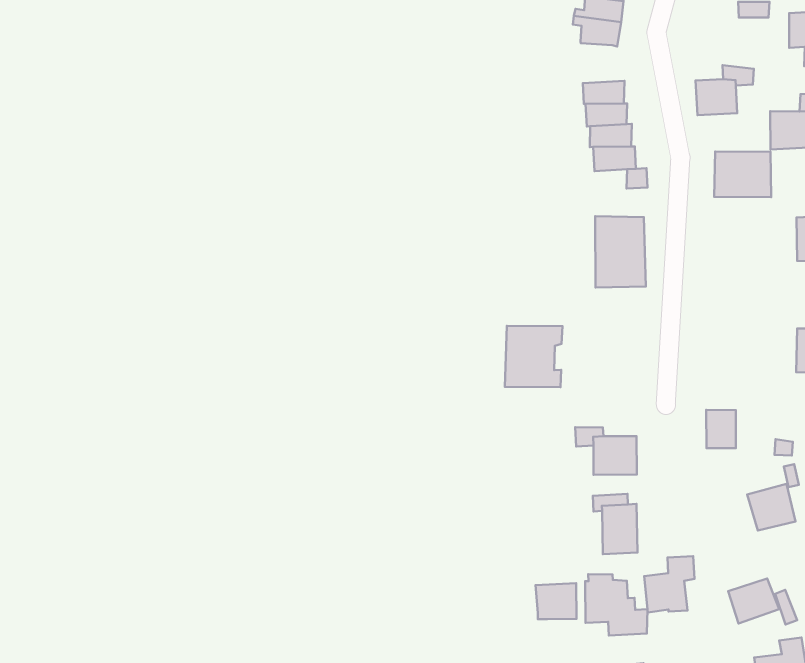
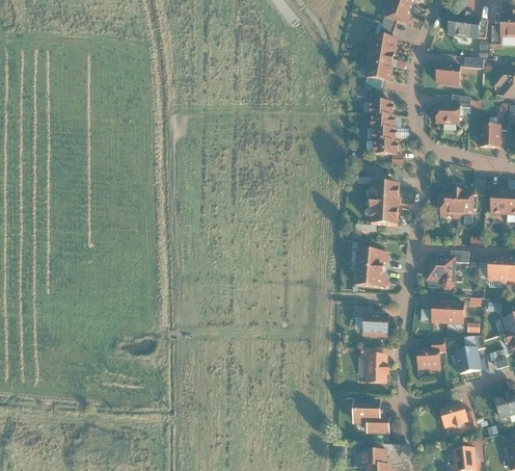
building: none -> [437,64,462,86]
building: [714,151,771,197] -> [439,188,475,217]
building: none -> [426,252,469,291]
building: [505,326,562,387] -> [353,251,389,289]
building: none -> [449,303,466,326]
building: [644,556,695,612] -> [416,339,446,371]
building: [536,583,577,619] -> none

